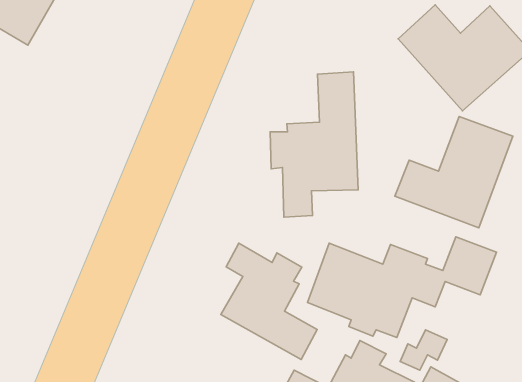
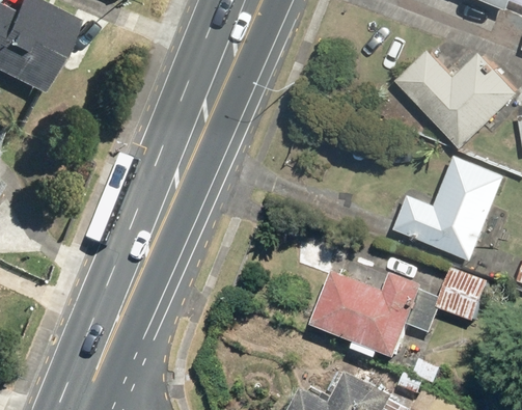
building: [270,72,358,217] -> none
building: [221,243,317,360] -> none

